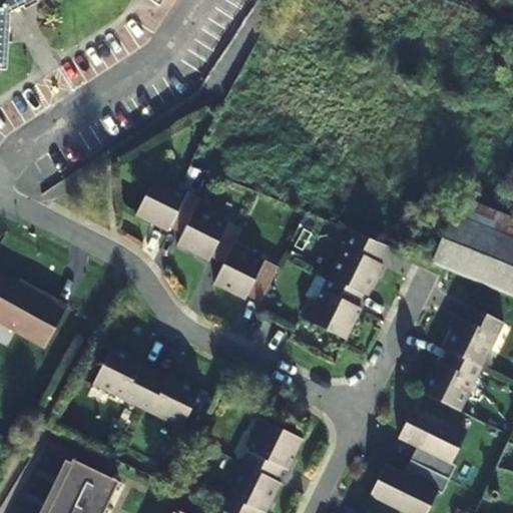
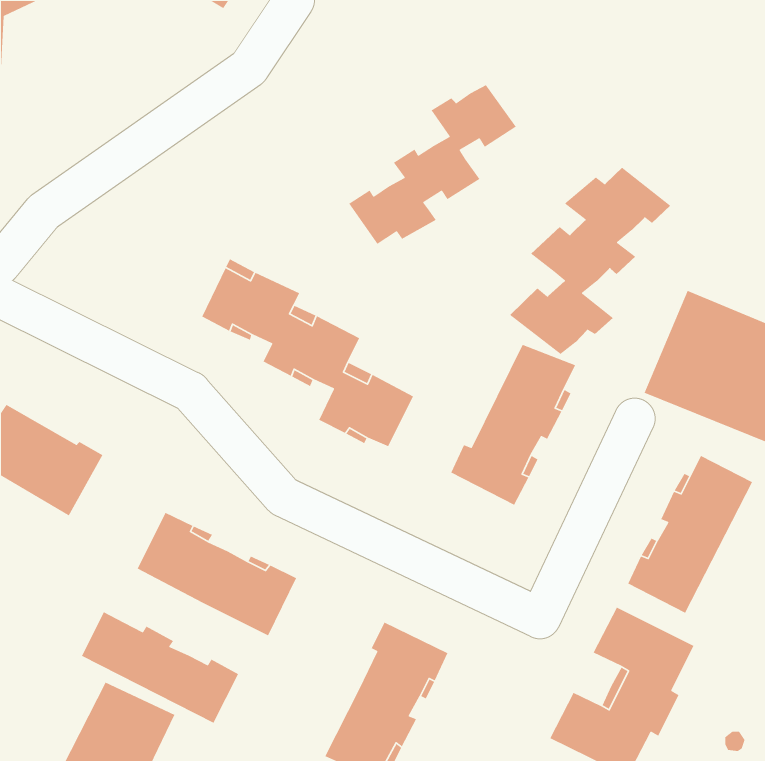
building: none -> [348,84,517,245]
building: none -> [509,167,671,355]
building: none -> [81,611,239,724]

